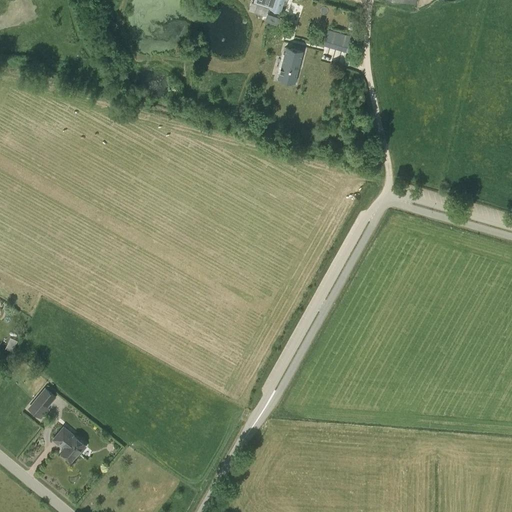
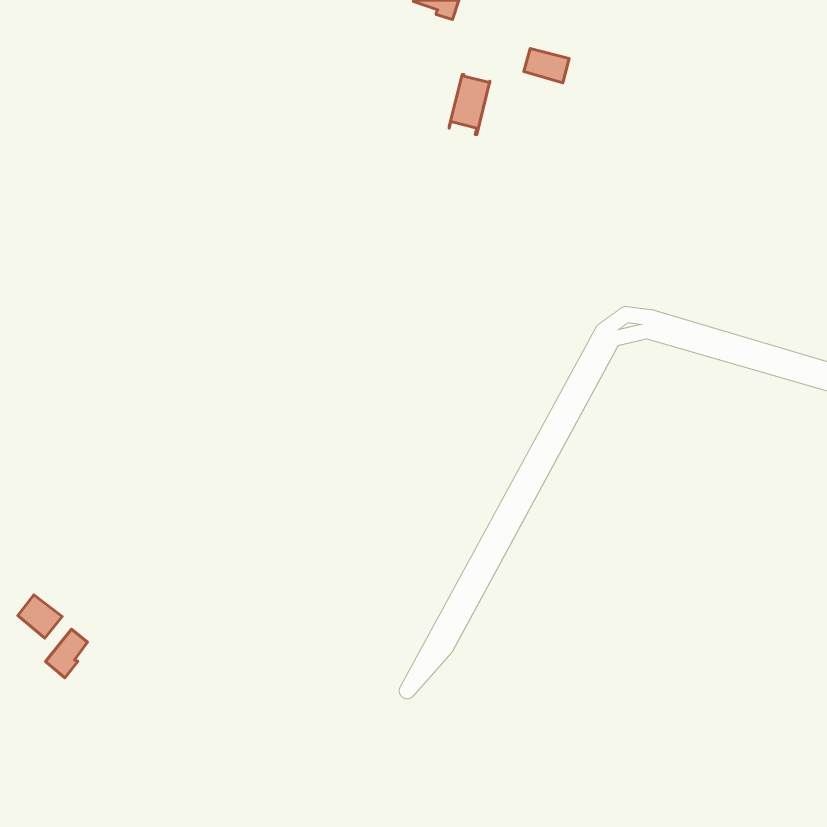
building: none -> [18,595,62,638]
building: [53,428,85,461] -> none

